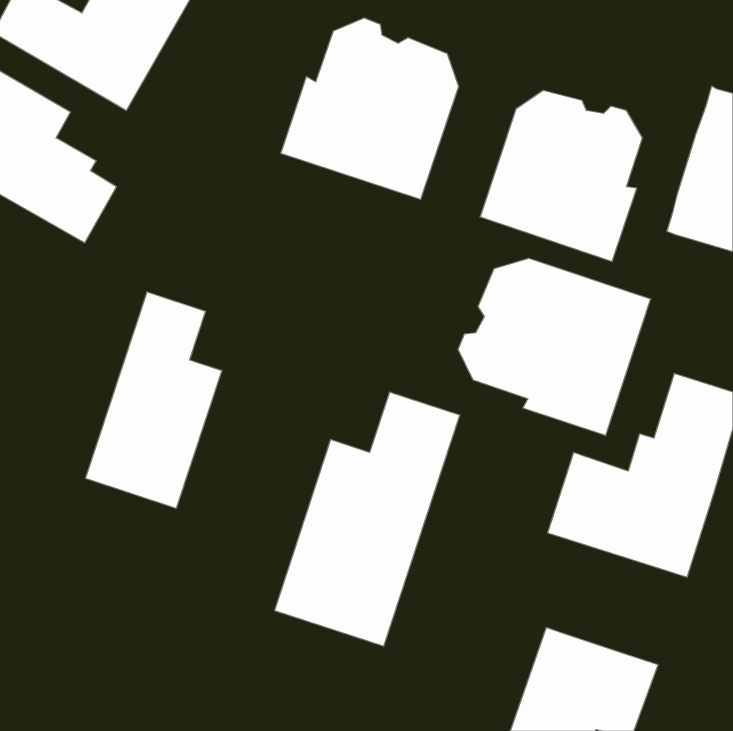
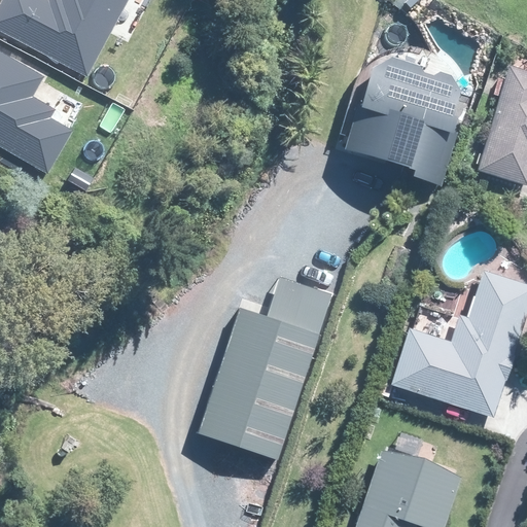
building: [281,18,458,200] -> none
building: [458,258,651,436] -> none
building: [86,292,222,508] -> none

